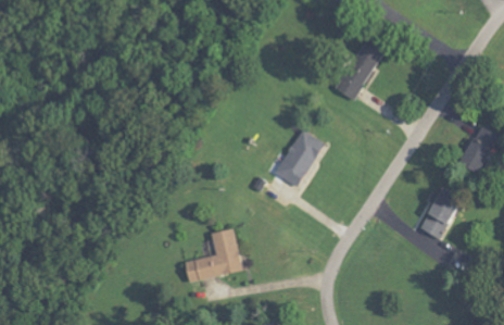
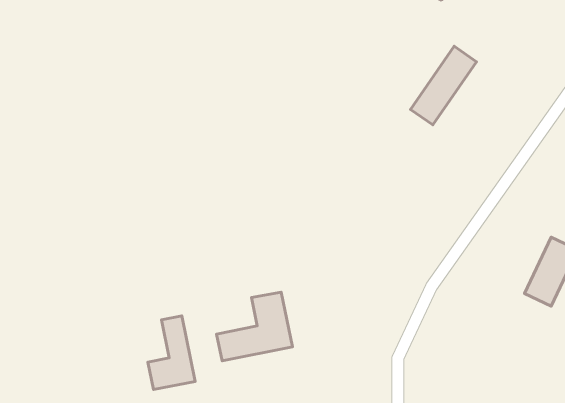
building: [275,128,322,187] -> none
building: none -> [148,316,195,390]

